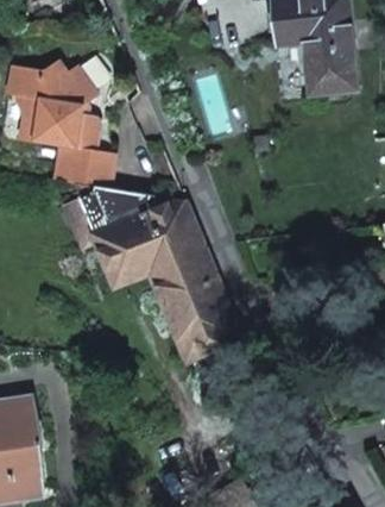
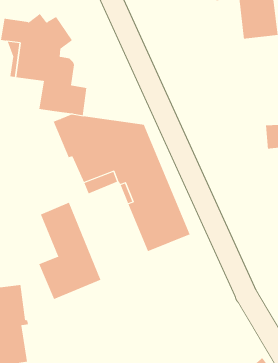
building: none -> [39,202,101,300]

